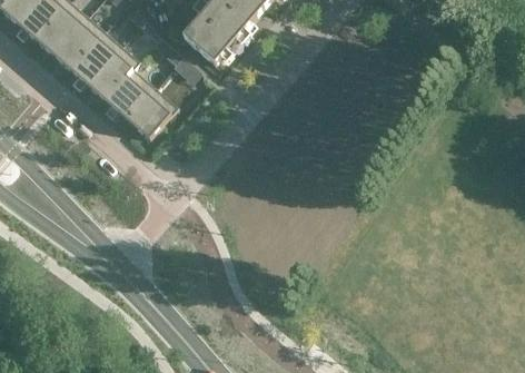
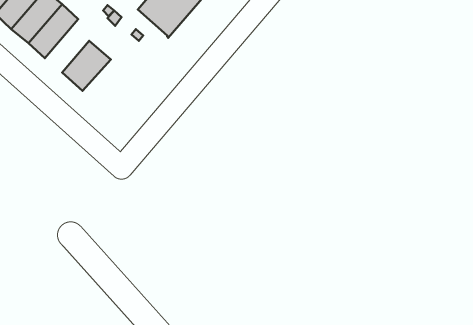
building: [83,45,136,99] -> none
building: [122,86,174,138] -> none

